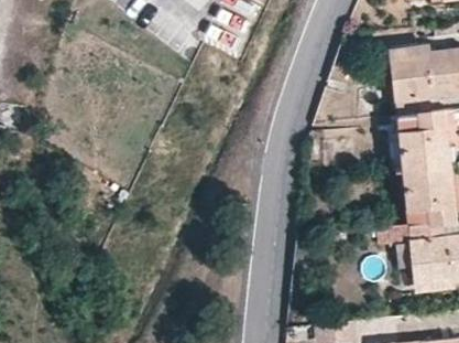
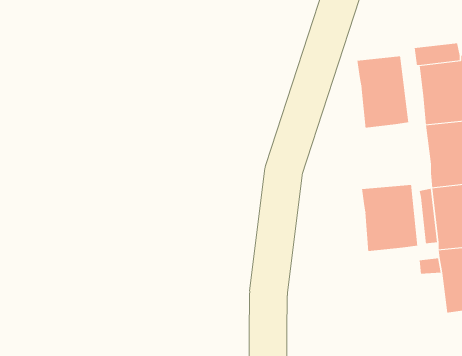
building: none -> [357,56,409,129]
building: none -> [362,184,418,252]

